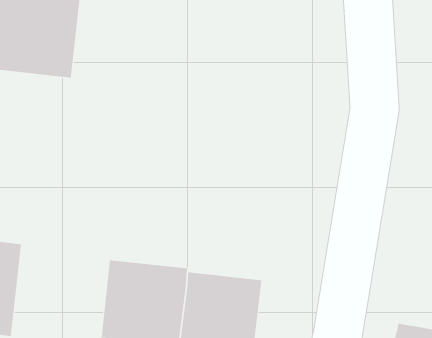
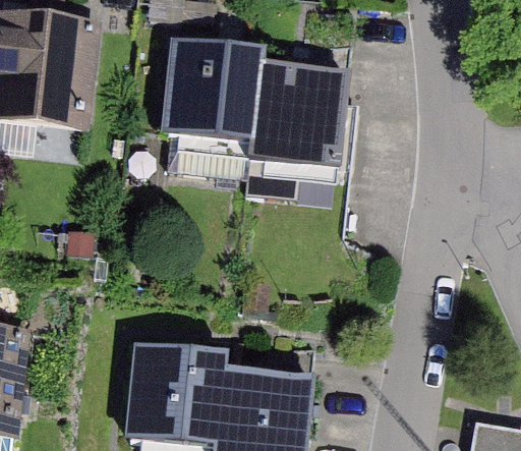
building: none -> [155,43,338,173]

